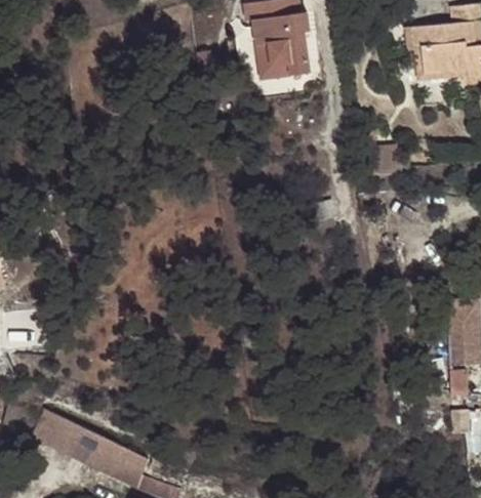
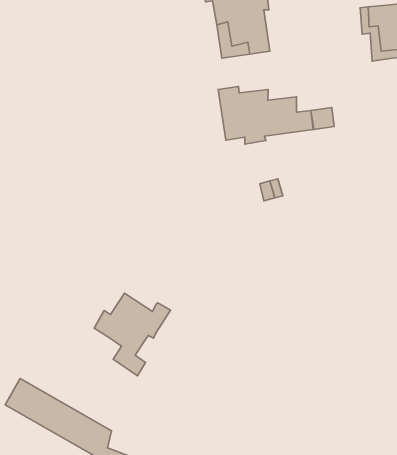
building: none -> [218,86,313,144]
building: none -> [94,293,171,376]

